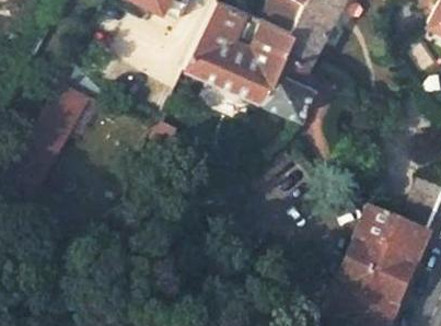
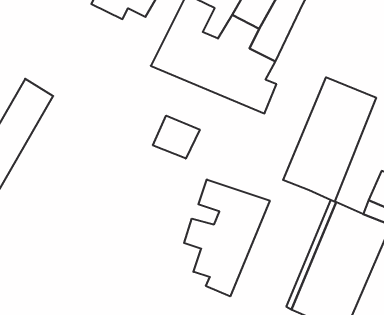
building: none -> [283,77,376,202]
building: none -> [153,116,200,159]
building: none -> [184,179,270,296]

